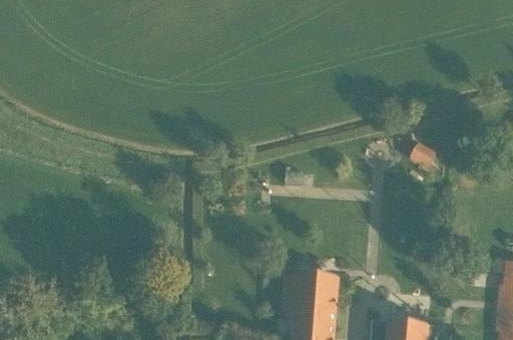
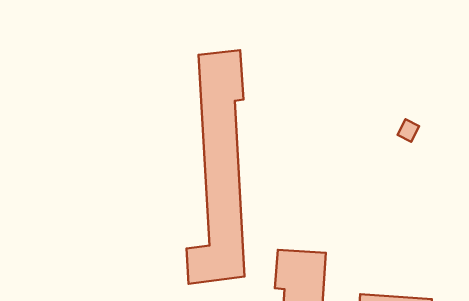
building: none -> [186,50,245,284]

